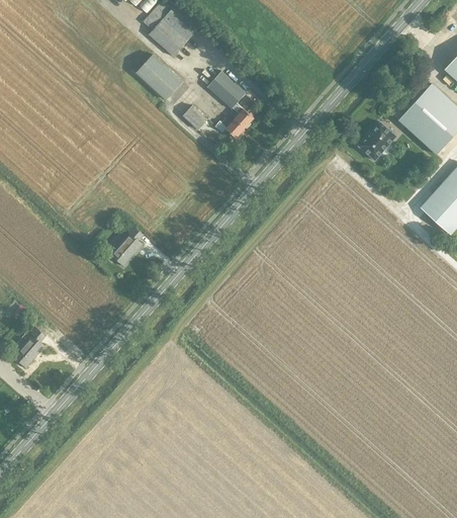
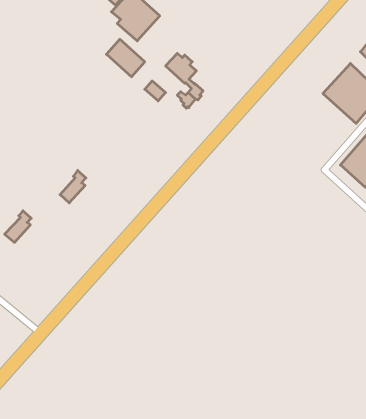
building: [359,121,396,160] -> none
building: [112,226,144,265] -> [60,170,86,203]
building: [14,328,47,366] -> [5,211,31,242]

